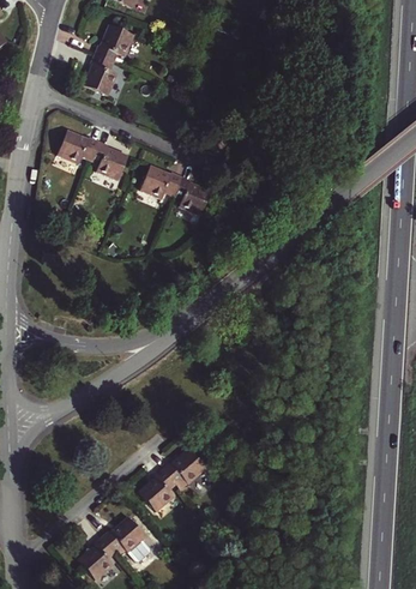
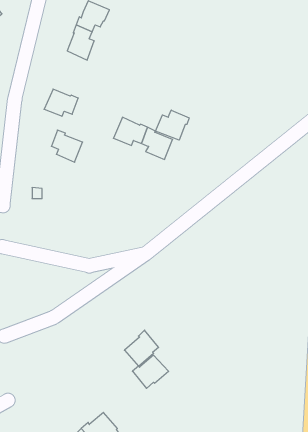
building: [91,142,128,180] -> [51,130,83,162]
building: none -> [156,110,189,140]
building: [139,468,180,511] -> [124,330,159,366]

